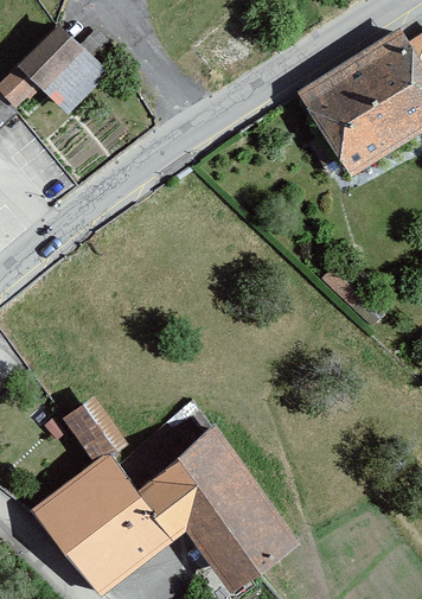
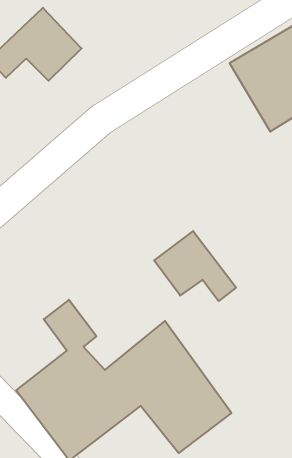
building: none -> [154,231,236,301]

